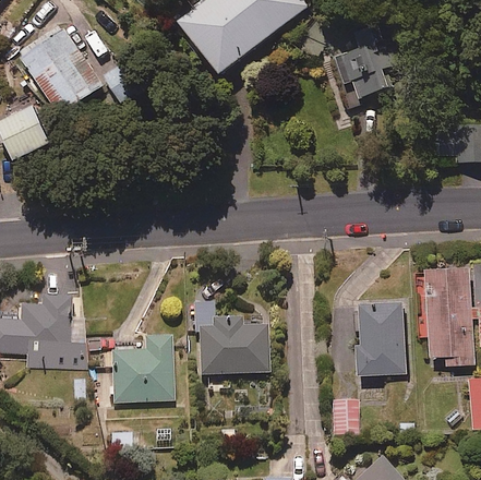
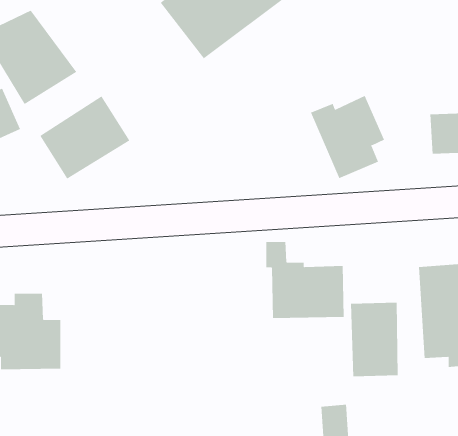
building: [326,21,397,100] -> [310,95,385,179]
building: none -> [39,95,130,180]
building: [194,302,269,375] -> [265,242,345,318]
building: [111,337,176,404] -> none

